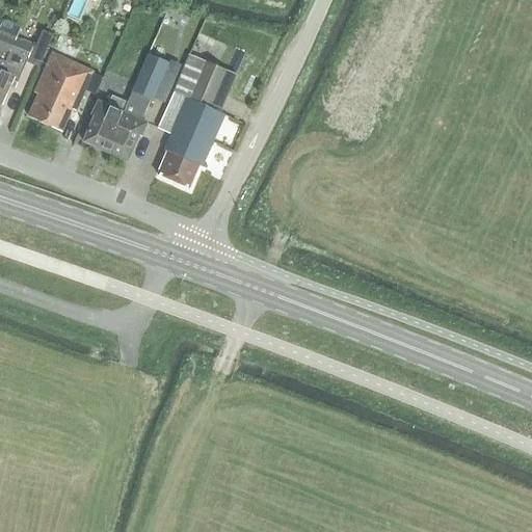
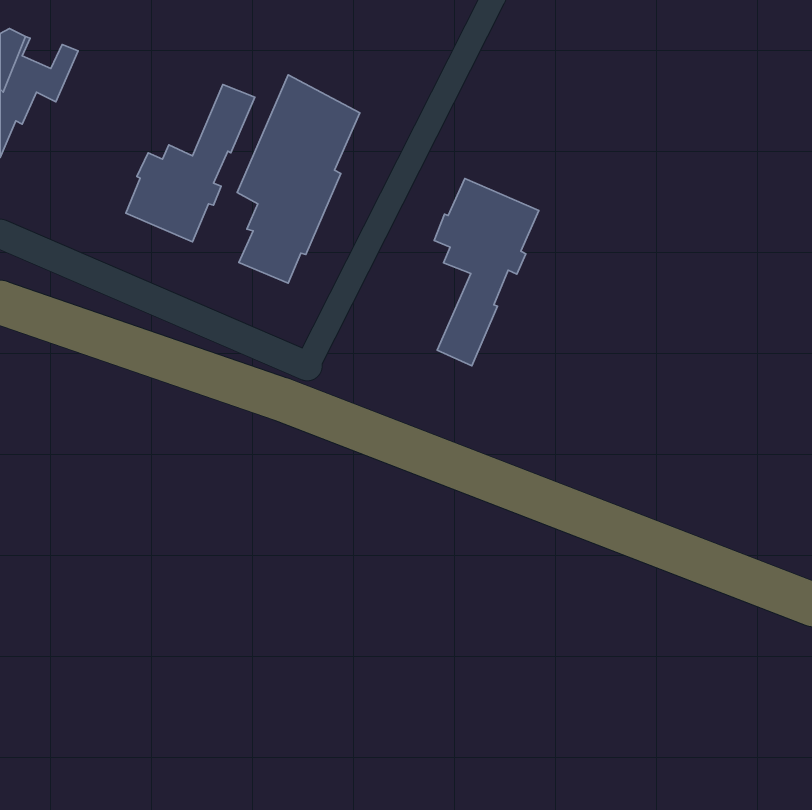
building: [28,53,91,129] -> none
building: none -> [434,179,539,366]

